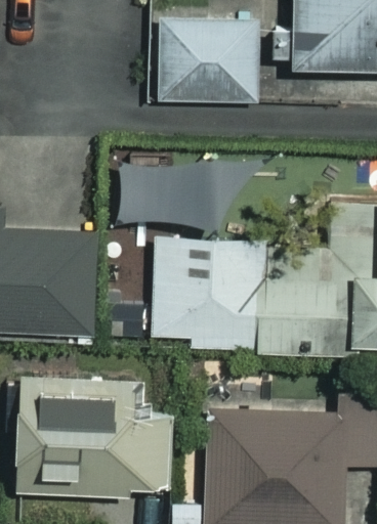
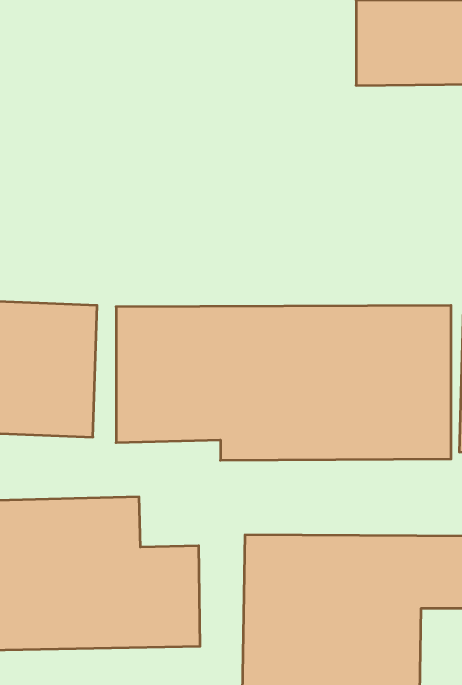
building: [160,21,256,102] -> none
building: [119,158,215,227] -> none

